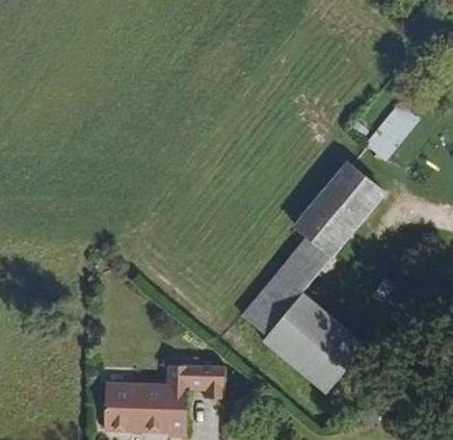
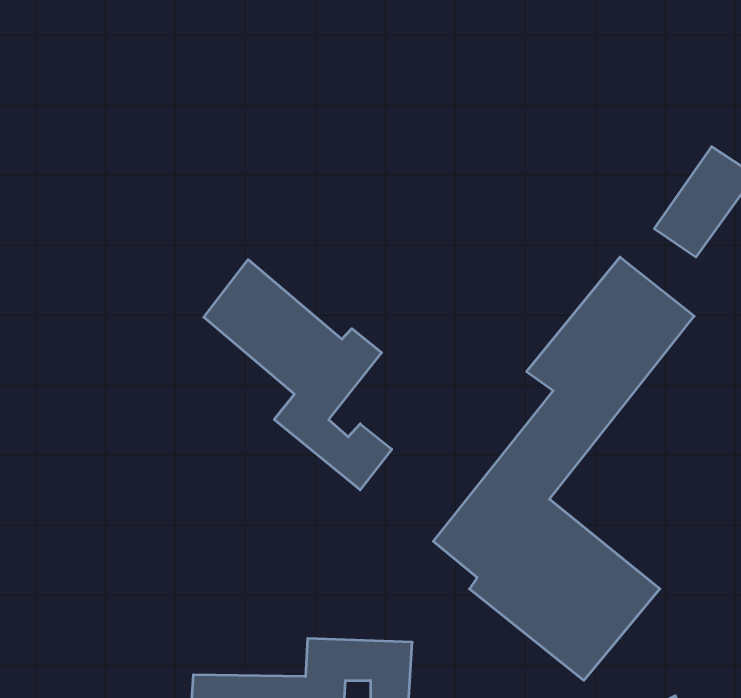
building: none -> [204,260,392,490]

